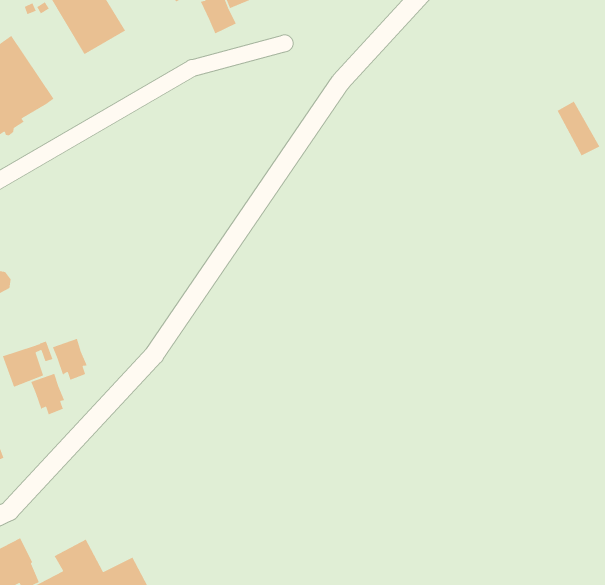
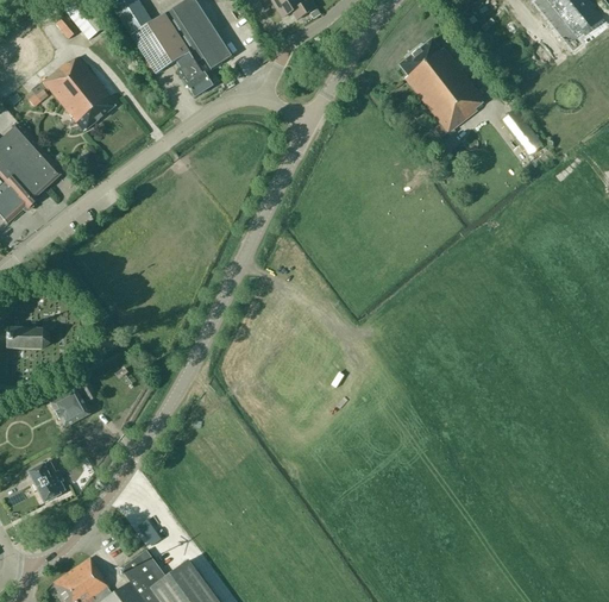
building: none -> [398,39,484,139]
building: [52,338,88,381] -> none
building: [30,373,65,415] -> none

